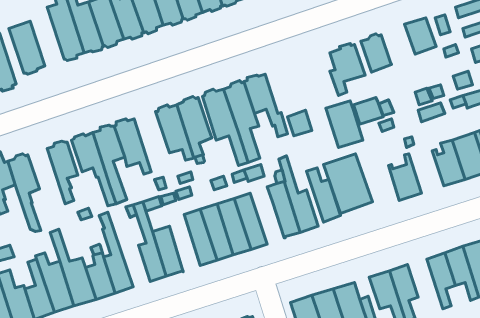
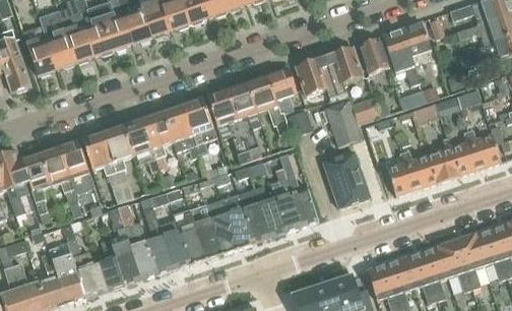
building: none -> [40,11,75,67]
building: none -> [382,27,413,73]
building: none -> [296,55,337,99]
building: none -> [267,68,297,113]
building: none -> [142,110,173,169]
building: none -> [41,146,82,216]
building: none -> [404,148,438,189]
building: [306,168,341,222] -> [253,186,285,238]
building: none -> [117,204,157,278]
building: none -> [174,209,205,264]
building: none -> [403,252,437,303]

